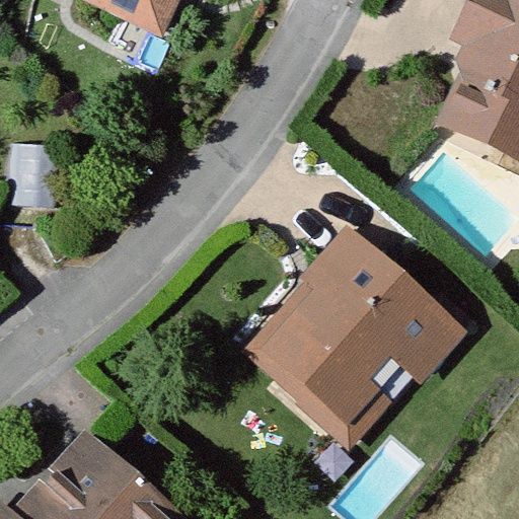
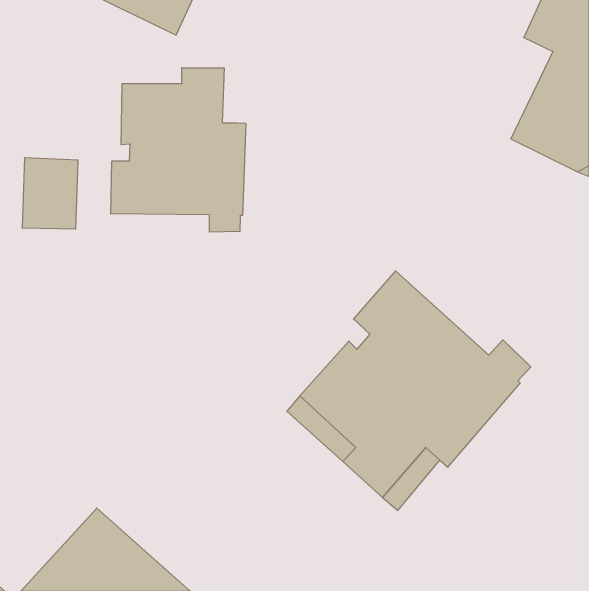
building: none -> [111,68,246,232]

